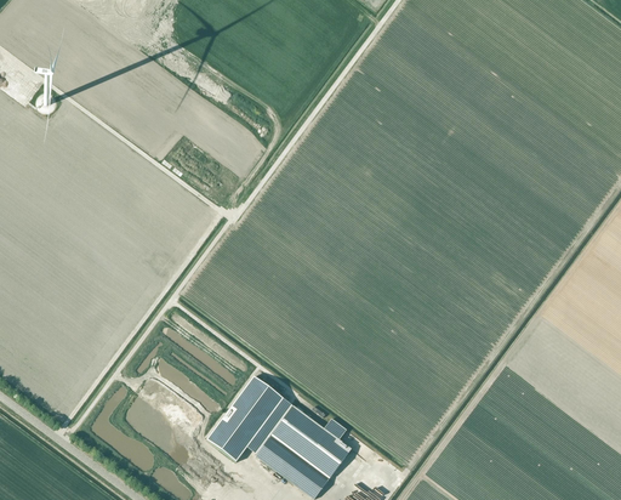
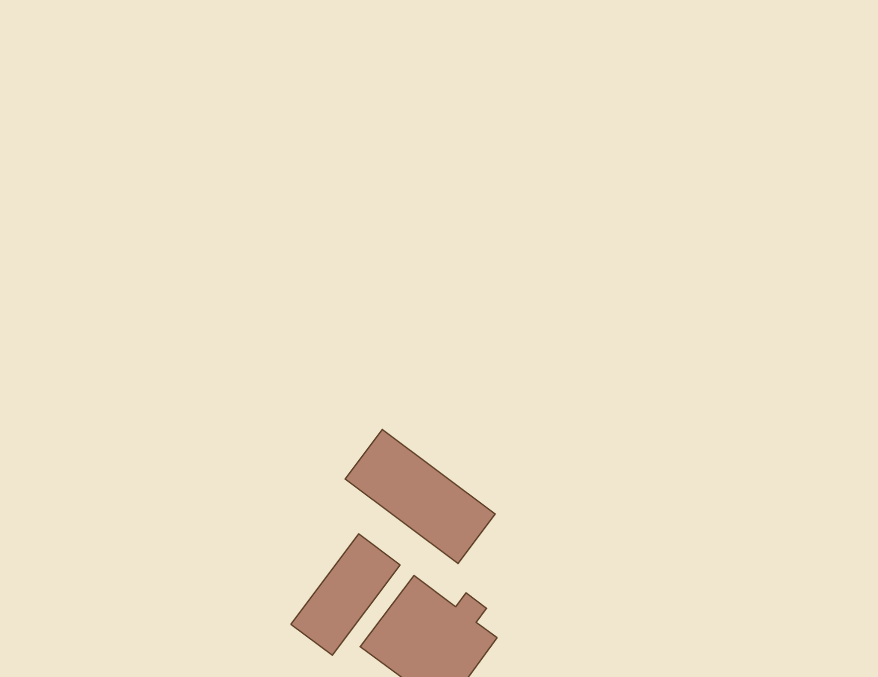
building: none -> [345,429,495,564]

